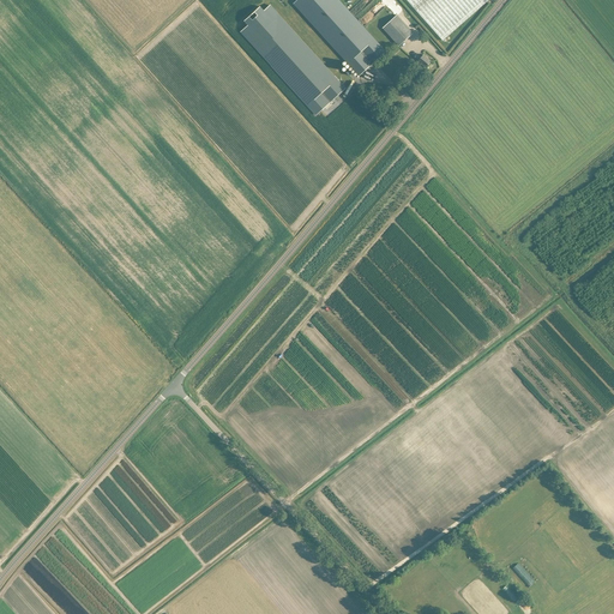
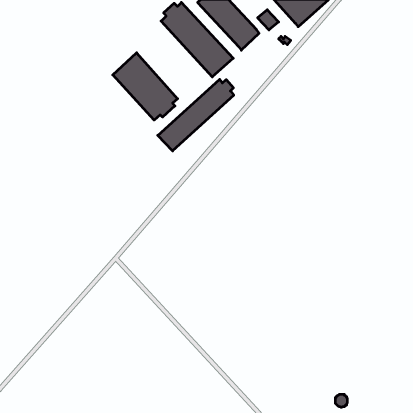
building: none -> [113,53,178,120]
building: none -> [158,79,234,151]

